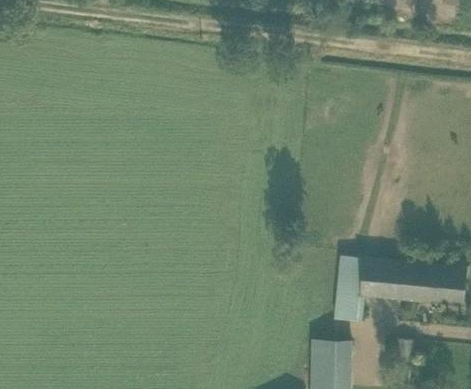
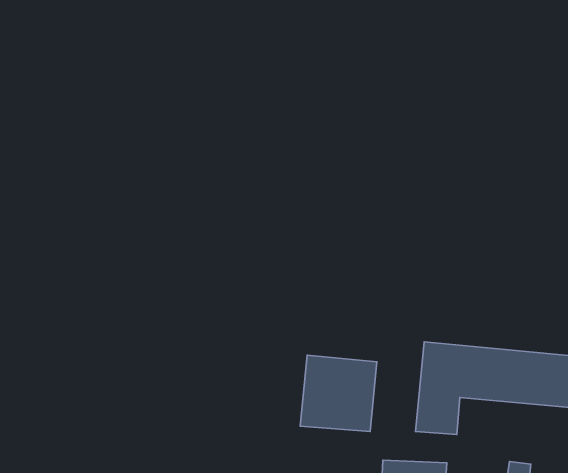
building: none -> [300,355,377,431]

